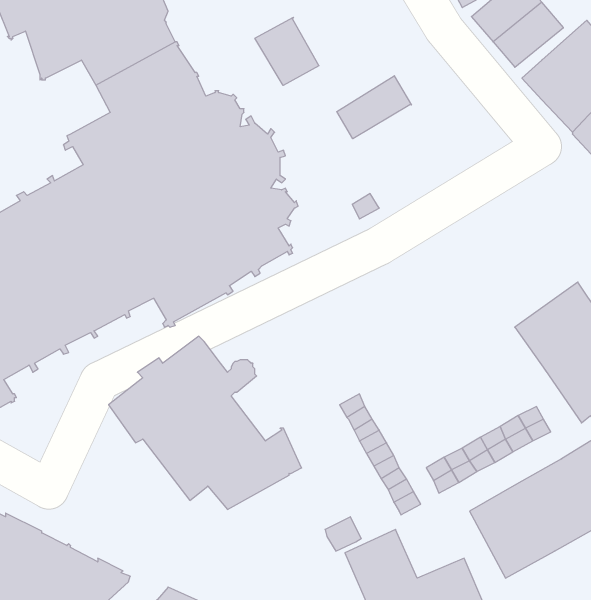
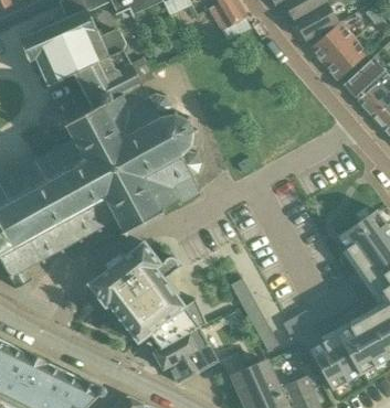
building: [255,17,319,85] -> none
building: [337,76,411,139] -> none
building: none -> [154,328,217,384]

